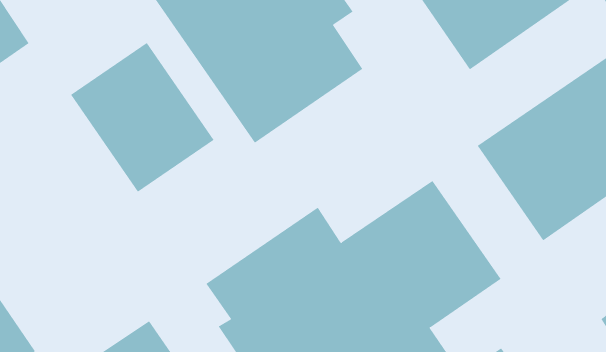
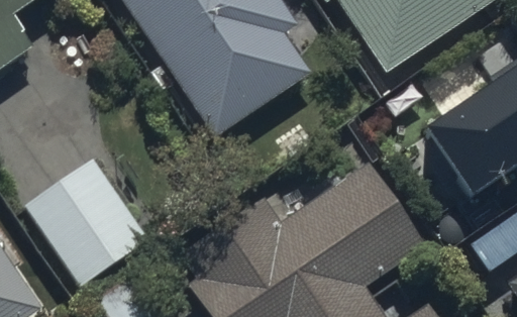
building: [70,42,214,192] -> [26,156,145,281]

